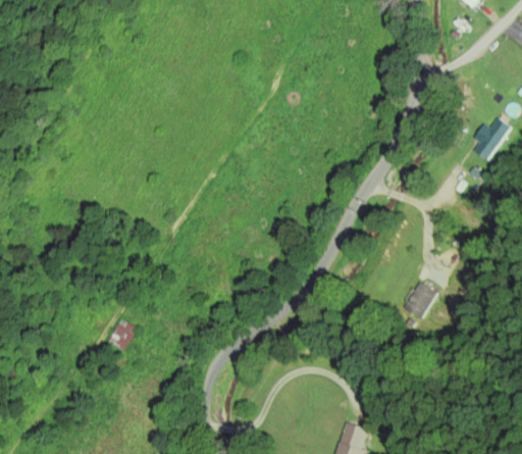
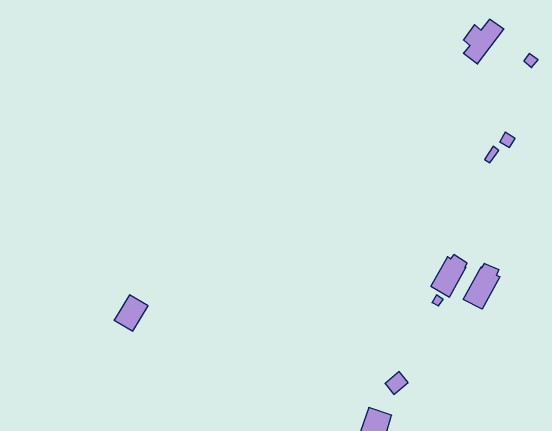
building: [473,119,511,161] -> [463,19,504,64]
building: none -> [463,263,500,309]

